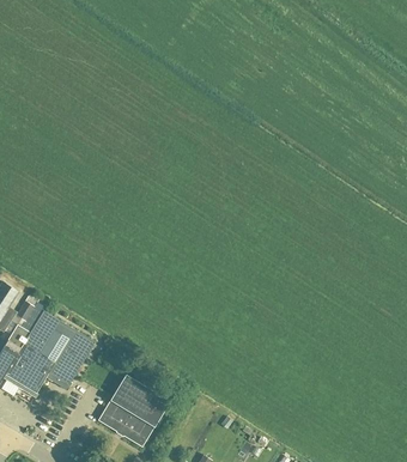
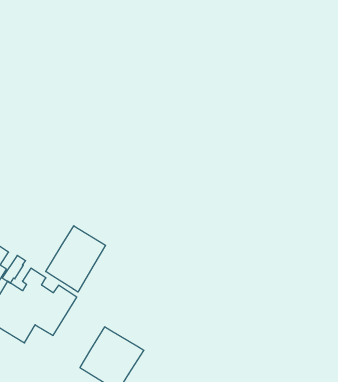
building: none -> [46,226,106,292]

